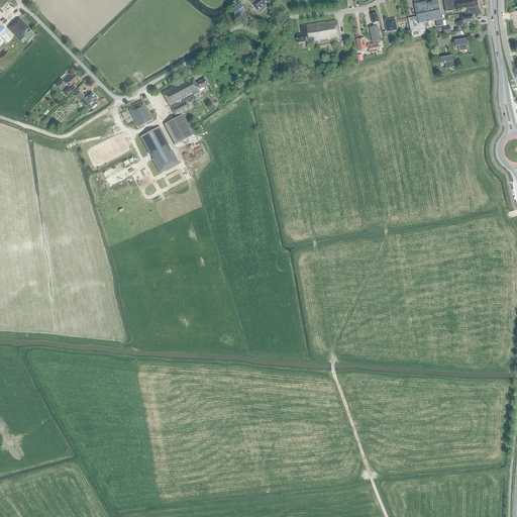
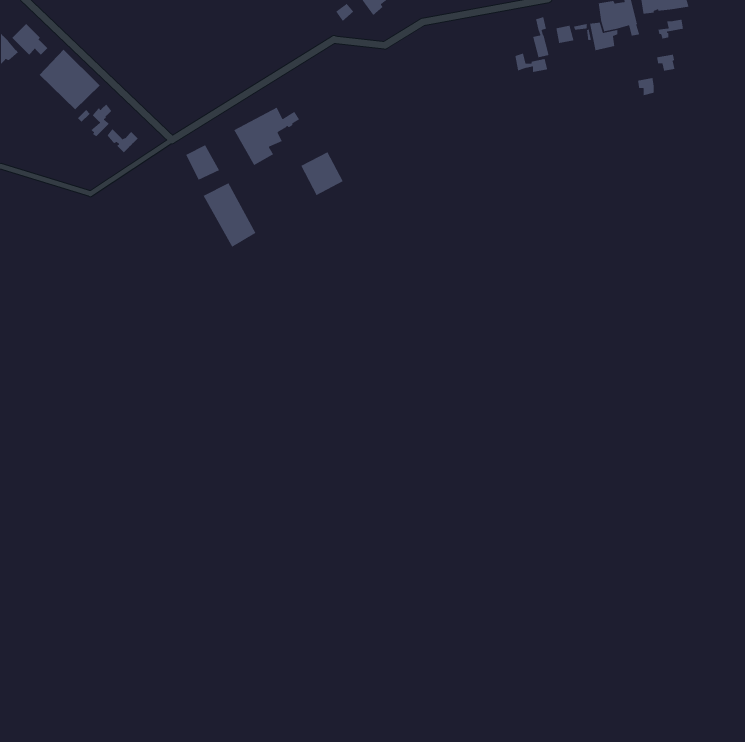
building: [296,18,340,42] -> none
building: none -> [39,49,100,110]
building: [164,112,194,143] -> [300,151,344,196]

